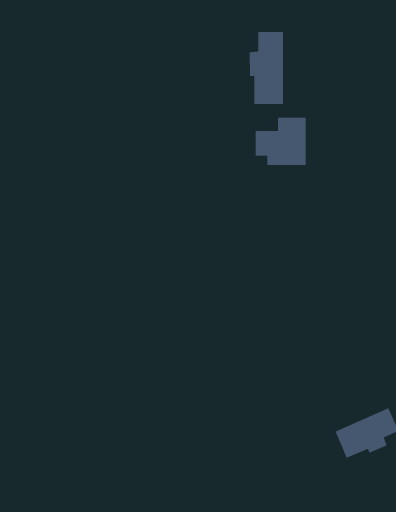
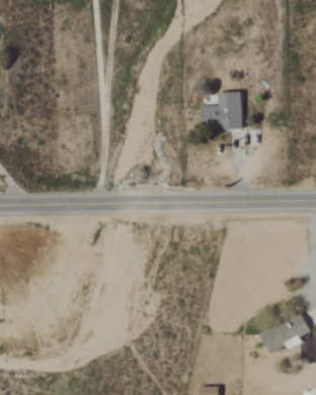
building: [249,31,284,105] -> none

